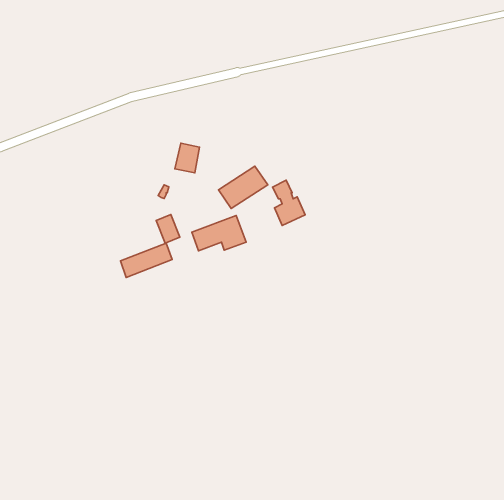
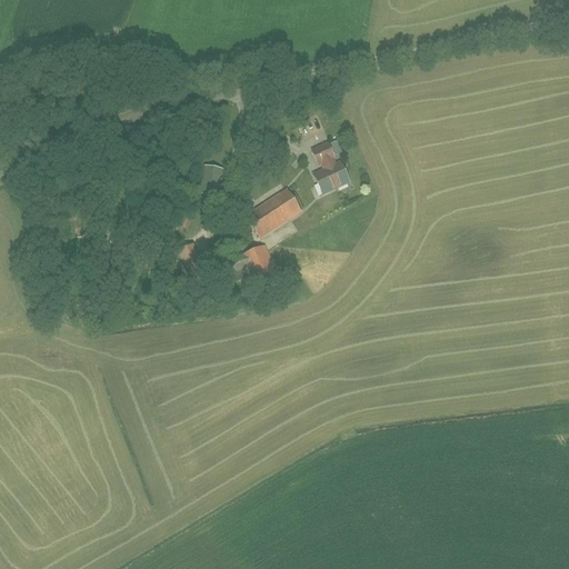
building: [272,180,305,226] -> [312,140,349,191]
building: [121,243,172,277] -> none

